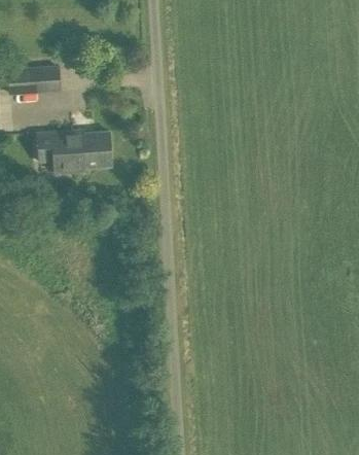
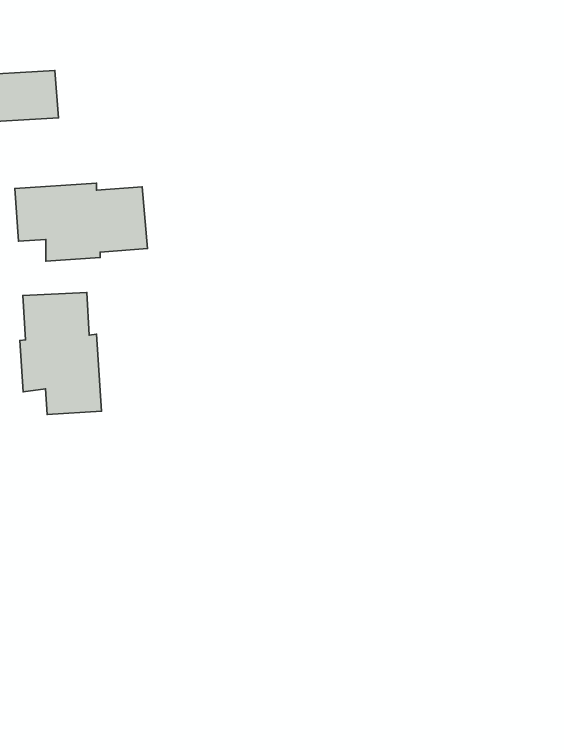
building: none -> [20,292,102,415]

